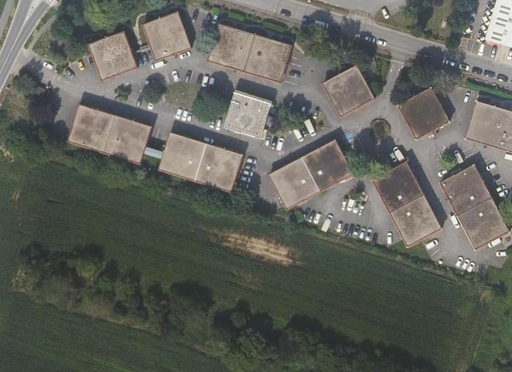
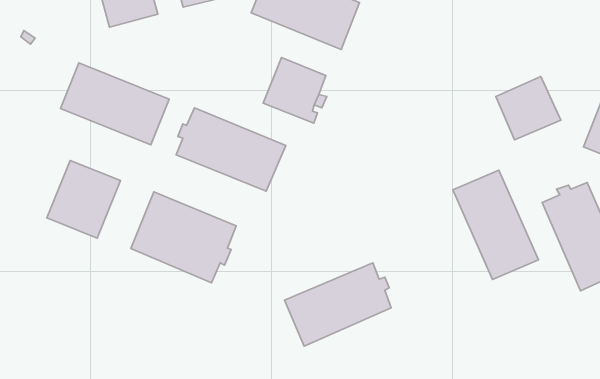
building: [320,63,372,114] -> none
building: [271,139,353,207] -> [284,263,391,346]
building: none -> [47,160,120,238]
building: none -> [131,192,236,283]

